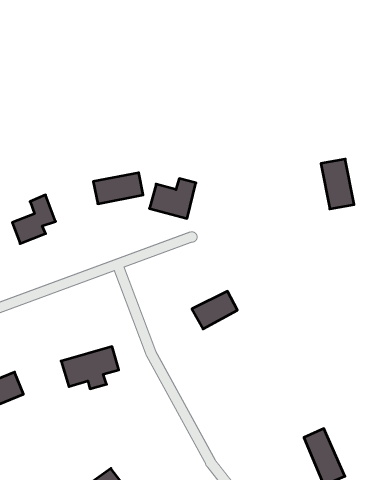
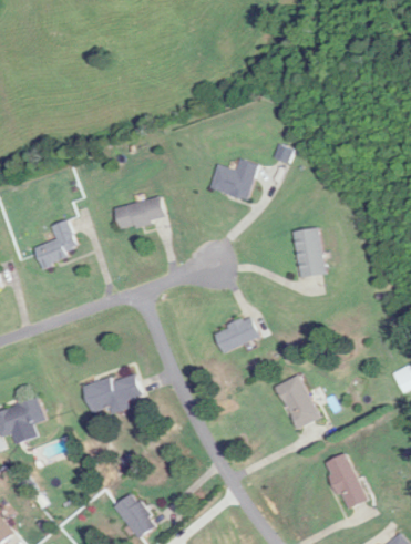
building: [321,159,354,209] -> [291,227,325,277]
building: [149,179,196,218] -> [209,158,256,198]
building: none -> [277,376,317,428]

